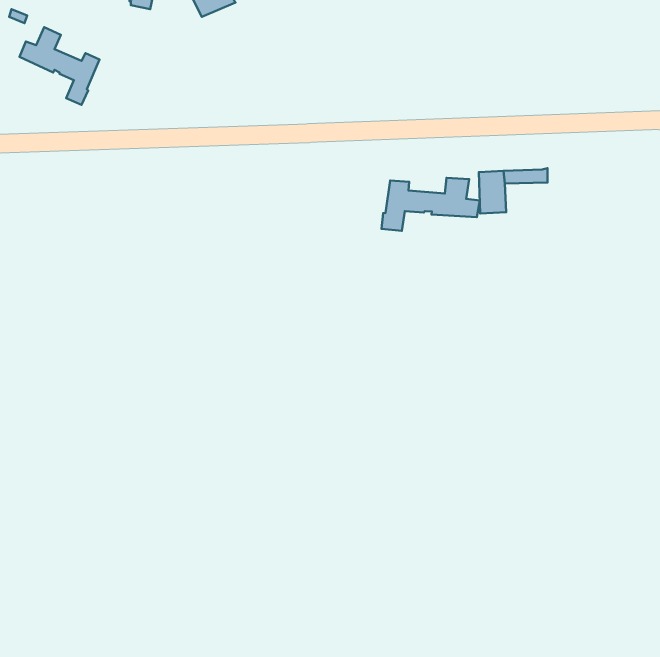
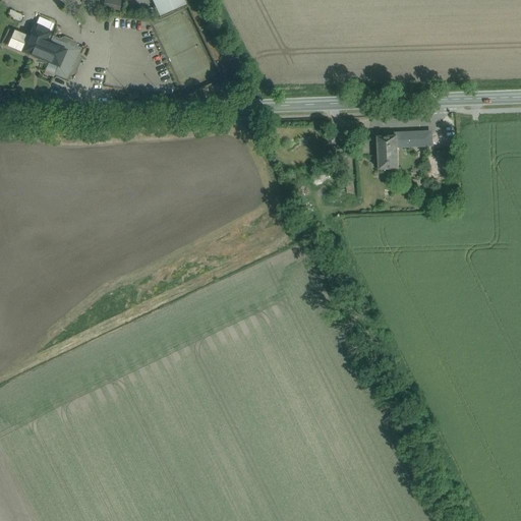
building: [381,178,480,231] -> none

